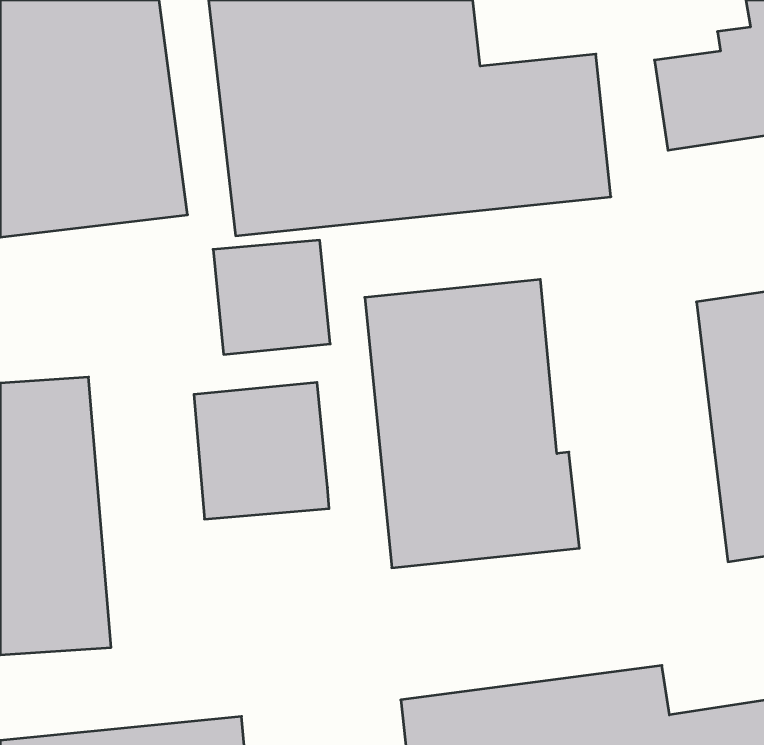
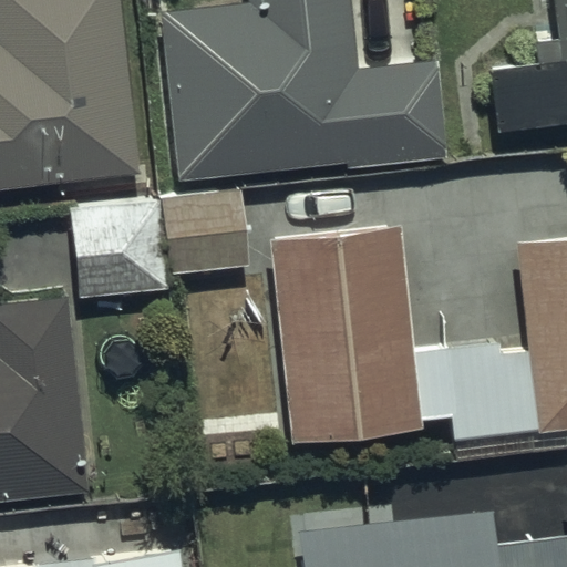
building: [194,382,329,519] -> [69,200,168,301]
building: none -> [441,340,539,444]

